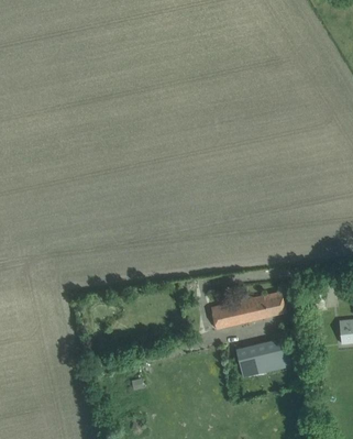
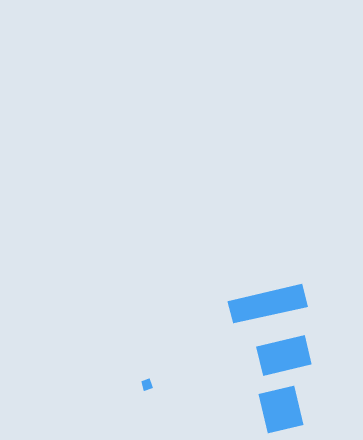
building: none -> [258,385,304,434]

